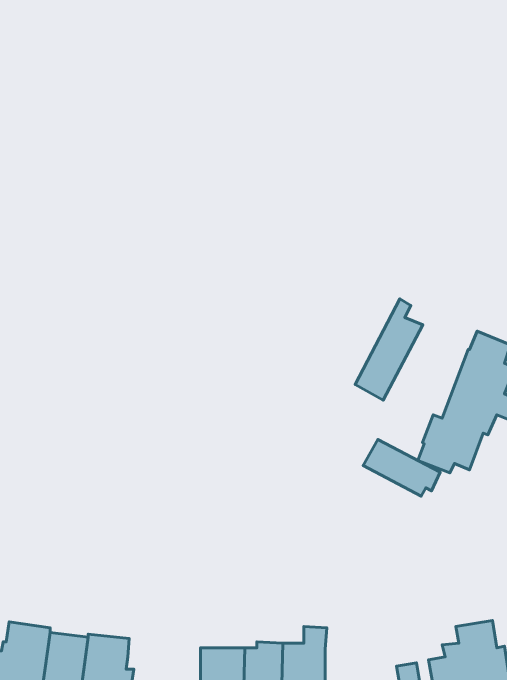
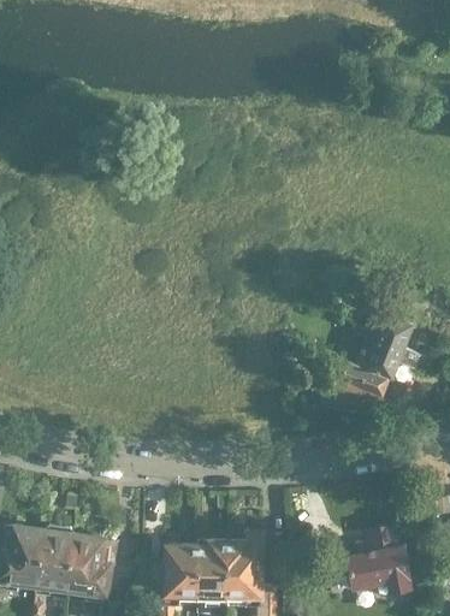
building: [355,299,423,400] -> none
building: [363,439,440,496] -> none

